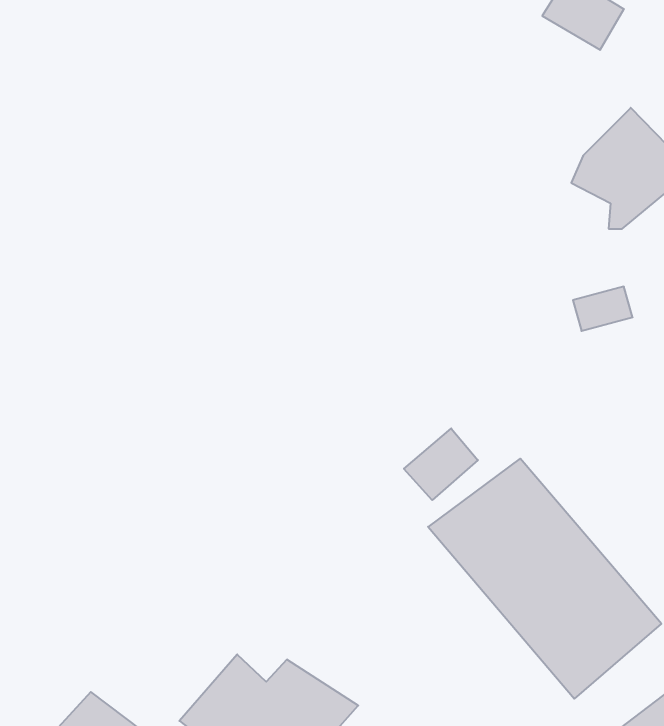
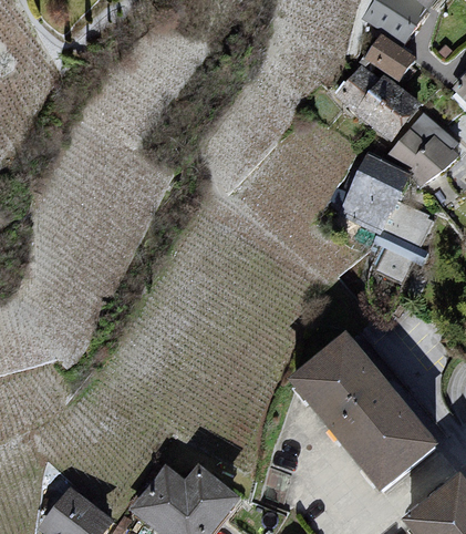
building: none -> [332,59,422,140]
building: none -> [339,151,408,233]
building: [404,428,478,500] -> none

